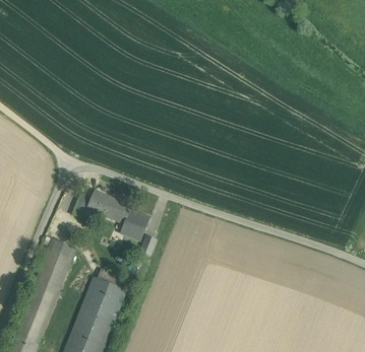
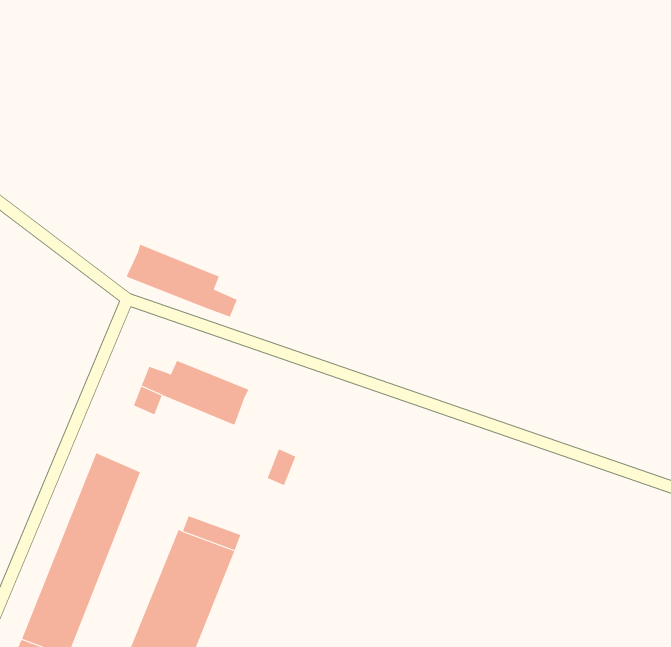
building: none -> [126,244,238,317]
building: [120,209,147,238] -> none

